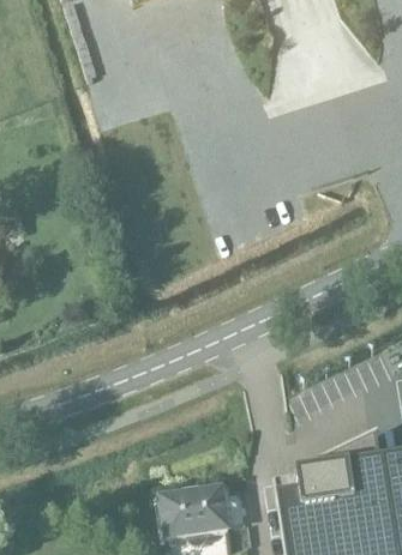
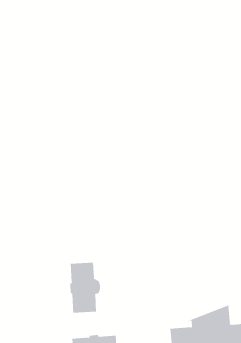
building: none -> [70,262,101,314]

